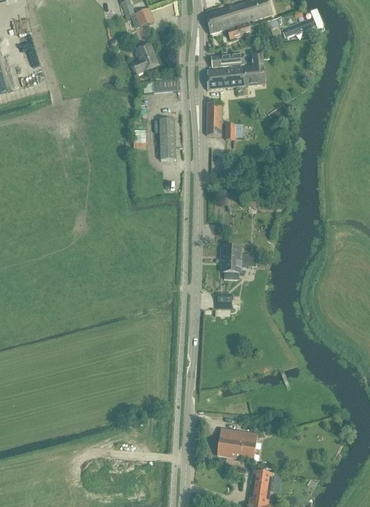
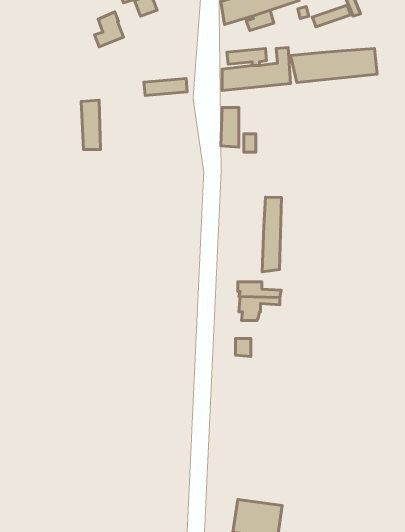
building: [134,43,158,72] -> [94,12,123,47]
building: none -> [290,49,377,83]
building: [159,118,175,159] -> [81,100,100,150]
building: none -> [262,197,282,272]

